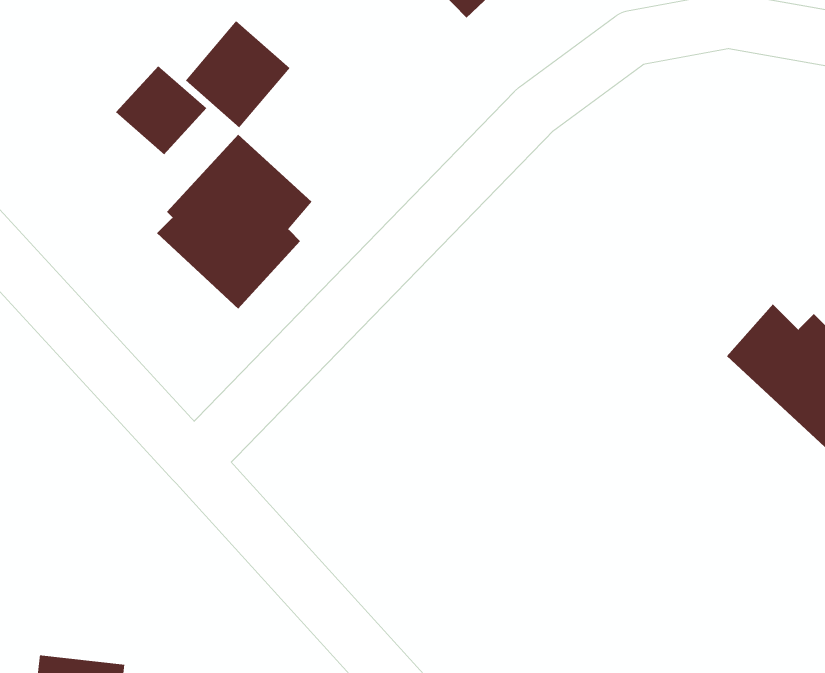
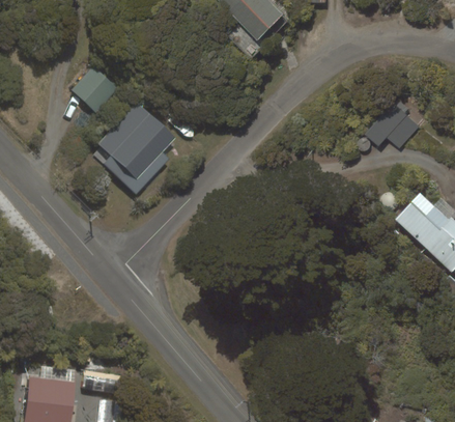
building: [185,20,290,128] -> none
building: none -> [364,100,420,147]

